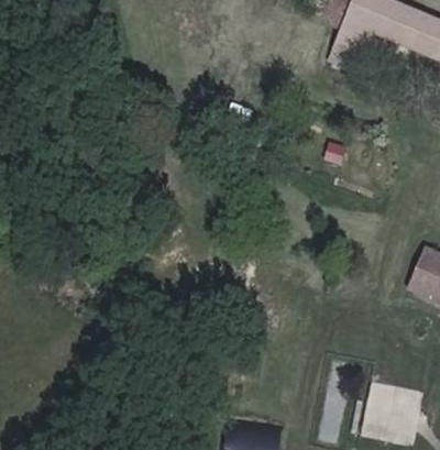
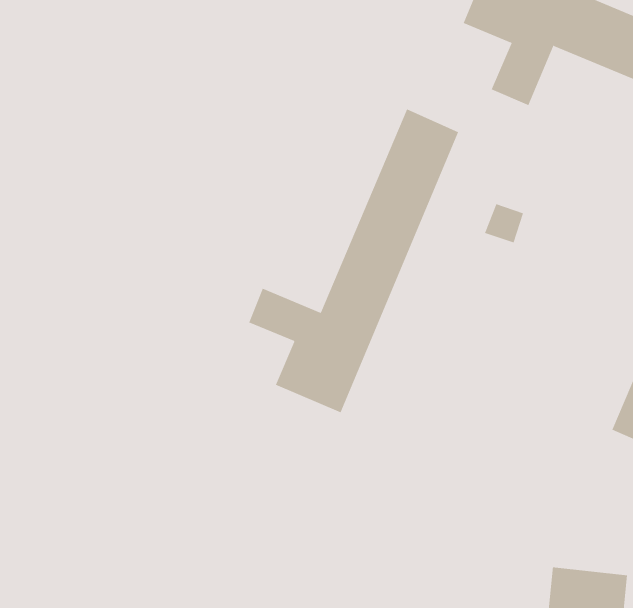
building: none -> [248,109,459,413]

